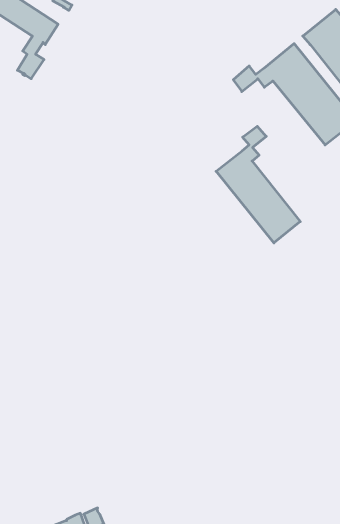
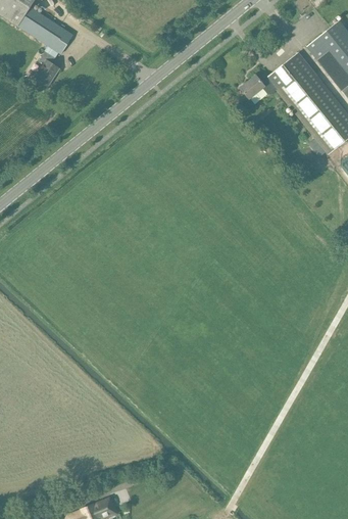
building: [216,126,300,243] -> none

